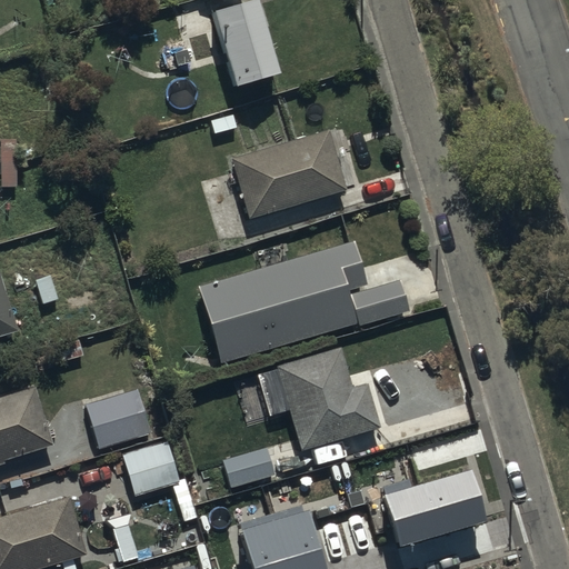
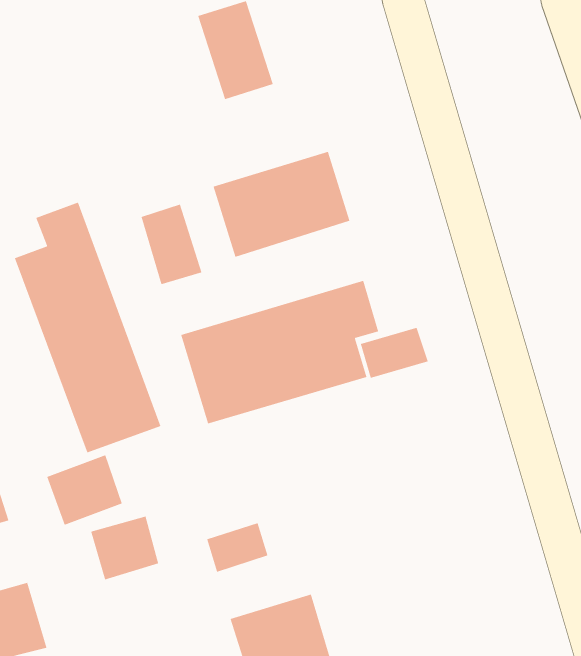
building: none -> [14,202,162,454]
building: none -> [141,203,202,285]
building: [274,348,381,452] -> none
building: [385,470,488,548] -> none

